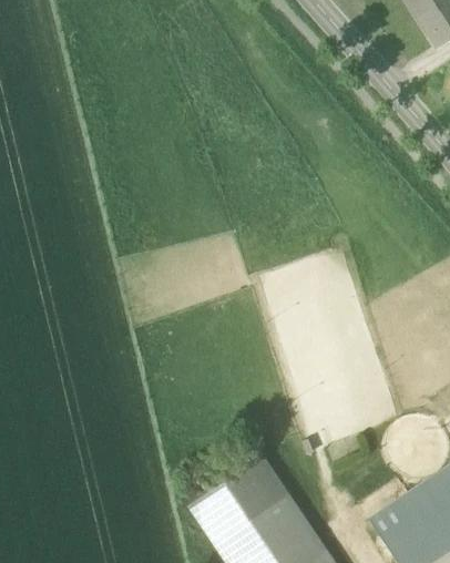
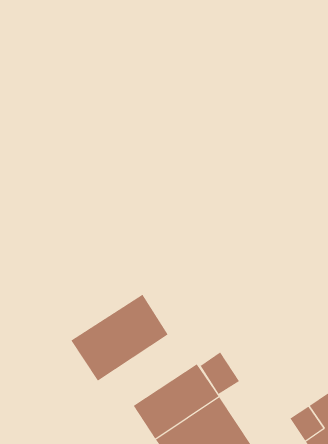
building: none -> [70,294,169,382]
building: none -> [200,352,240,395]

